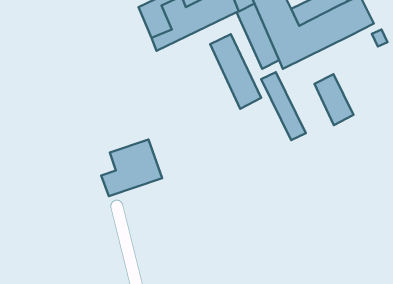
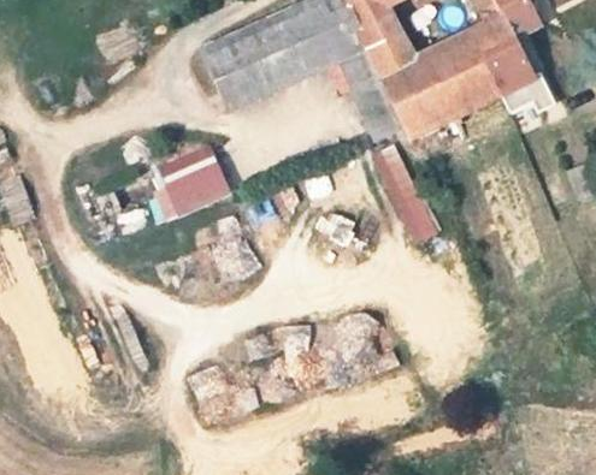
building: [210,34,261,109] -> none
building: [314,74,354,125] -> none
building: [101,140,162,196] -> [148,139,234,219]

